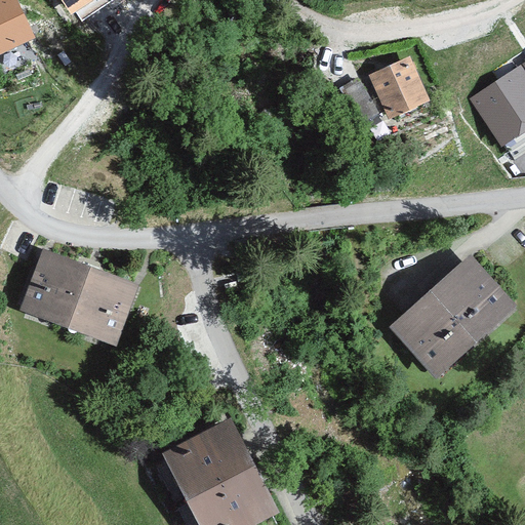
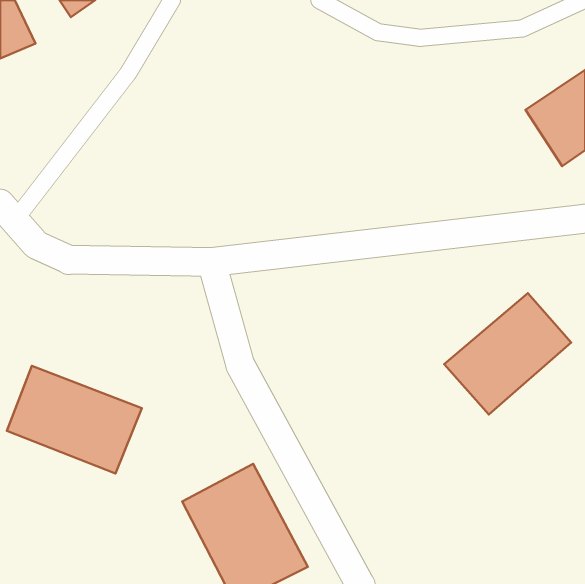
building: [371,59,430,118] -> none
building: [16,246,137,342] -> [7,366,142,473]

